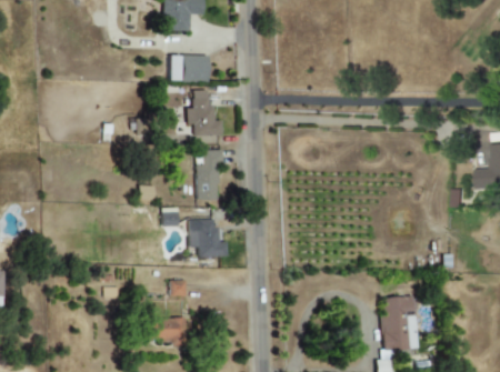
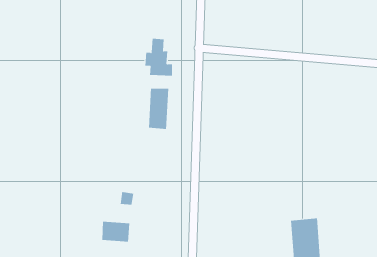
building: [170,54,209,82] -> none
building: [189,219,227,257] -> none

